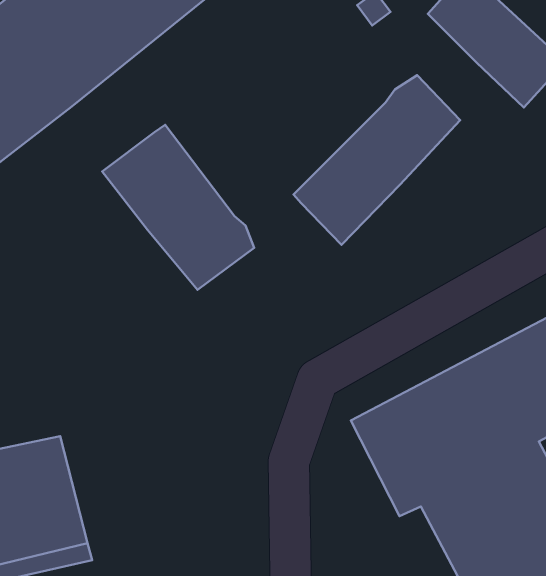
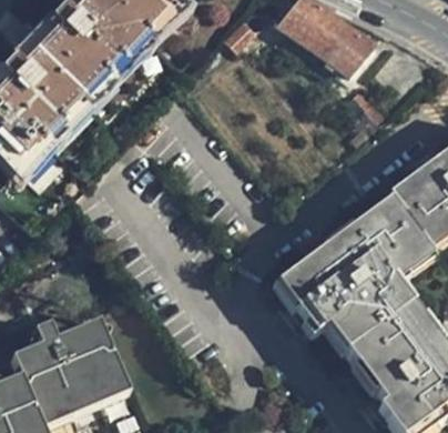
building: [294,75,460,245] -> none
building: [102,125,254,290] -> none

